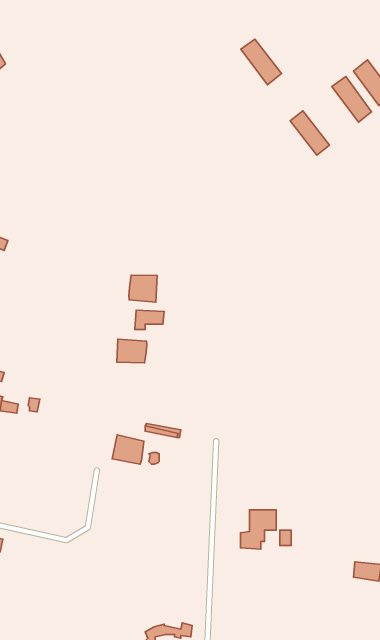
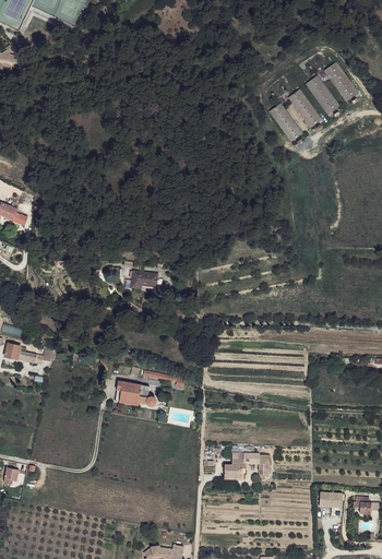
building: [241,39,282,85] -> [286,87,321,127]
building: [129,275,157,302] -> none
building: [117,339,147,363] -> none

